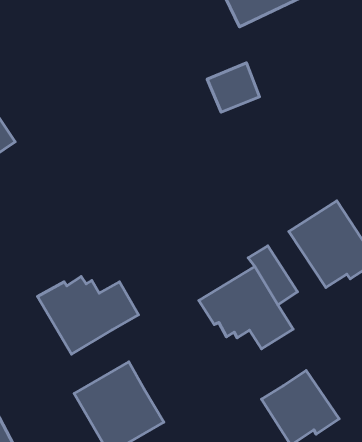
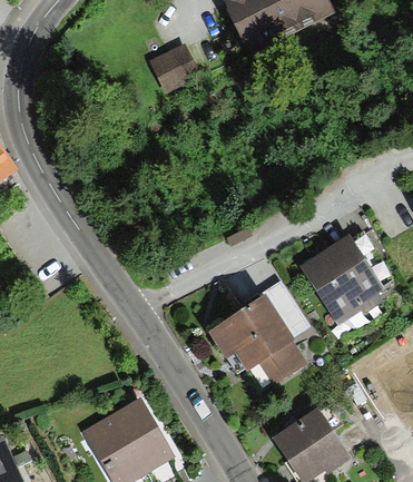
building: [207,63,260,112] -> [149,43,203,94]
building: [38,276,139,354] -> none

